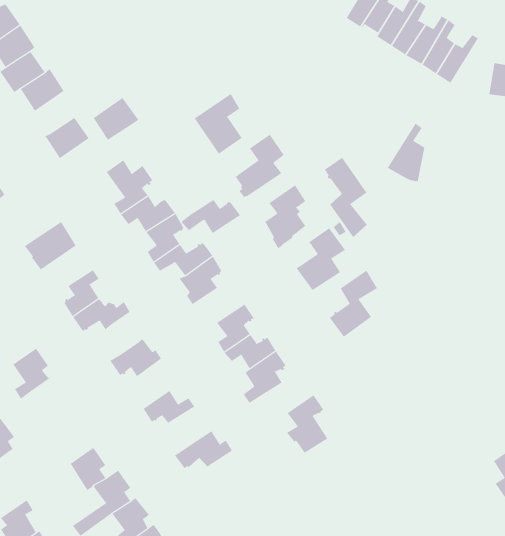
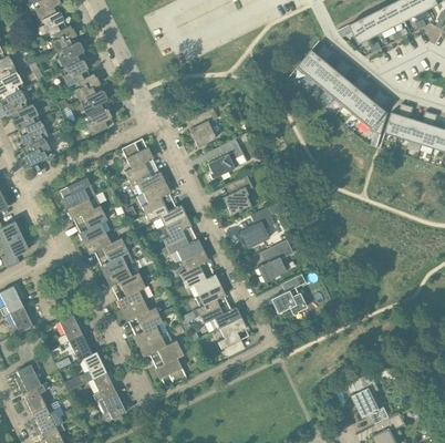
building: [93,97,139,141] -> [79,90,110,117]
building: [387,123,425,182] -> [361,94,389,134]
building: [324,157,367,238] -> none
building: [181,199,241,234] -> [161,237,201,260]
building: none -> [68,195,103,221]
building: none -> [101,245,133,276]
building: none -> [272,274,306,315]
building: [12,348,55,400] -> [58,312,86,346]
building: none -> [117,279,146,311]
building: none -> [195,307,239,328]
building: none -> [134,315,162,346]
building: none -> [155,348,186,384]

